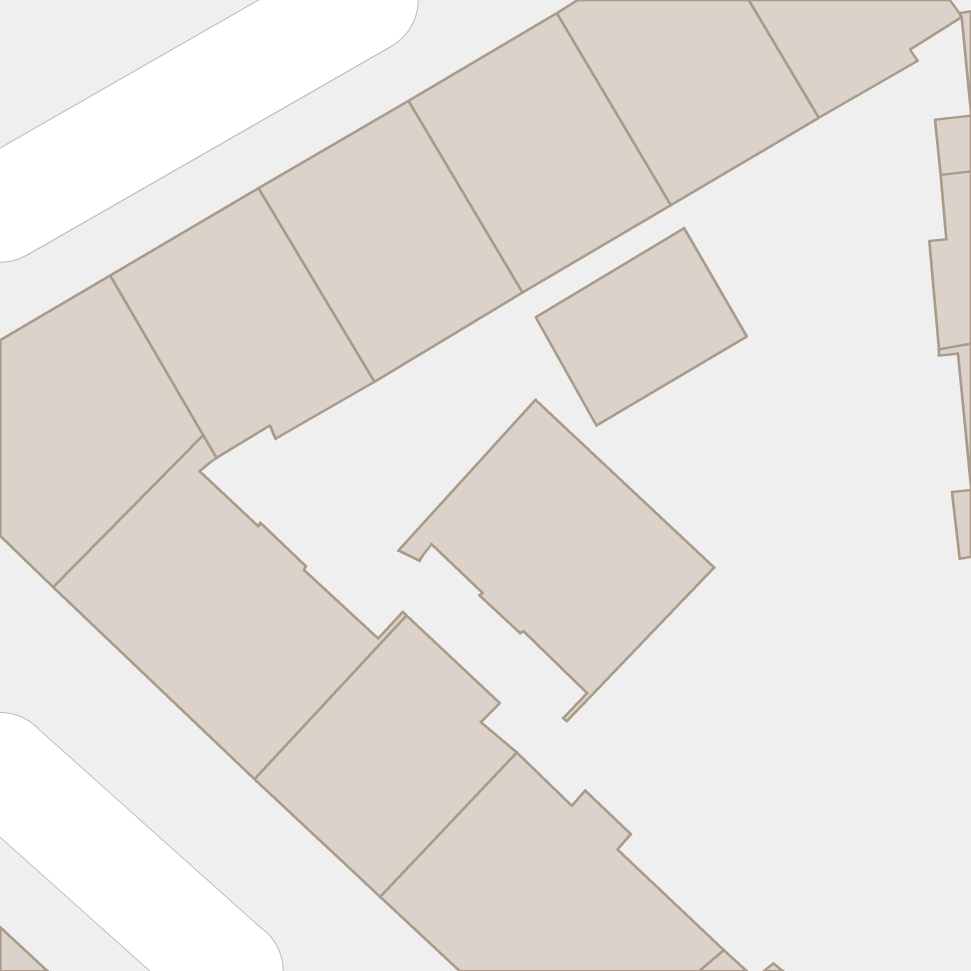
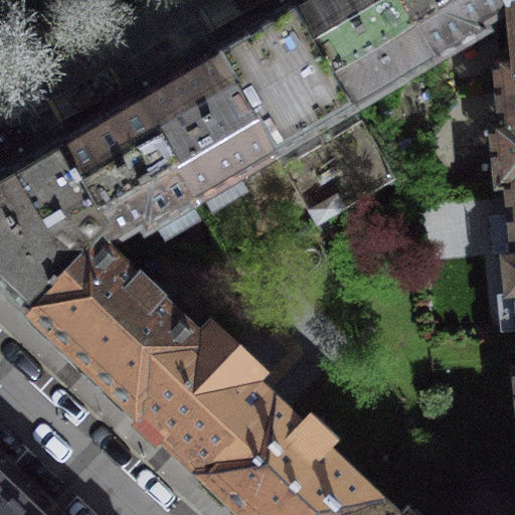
building: [398,400,714,721] -> none

